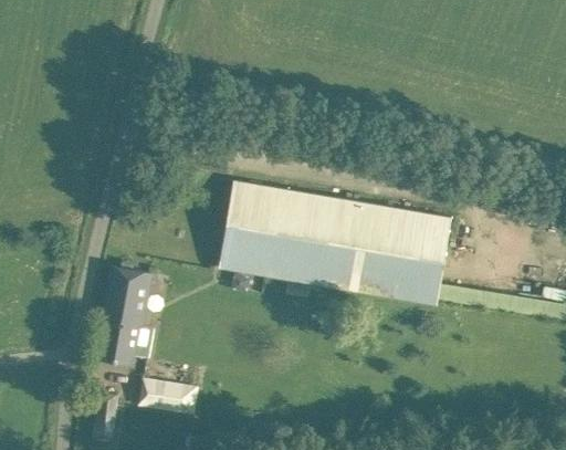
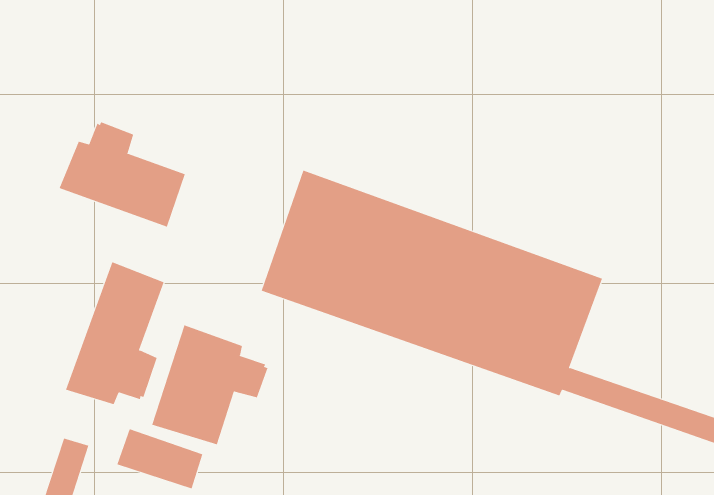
building: none -> [59,121,185,228]
building: none -> [152,325,268,445]

